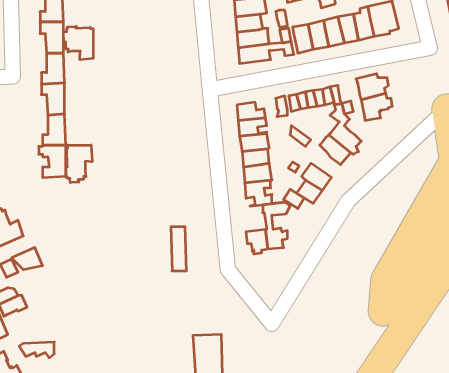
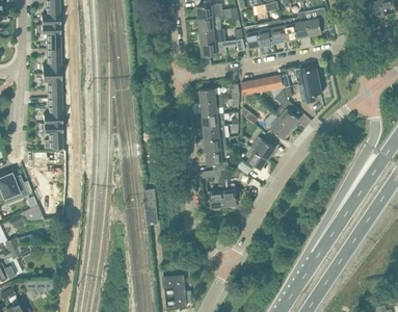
building: [63,26,93,60] -> none
building: [66,145,92,183] -> none

